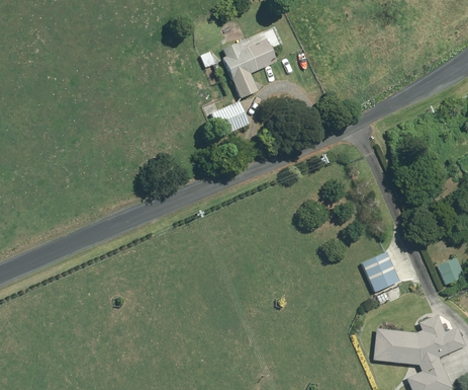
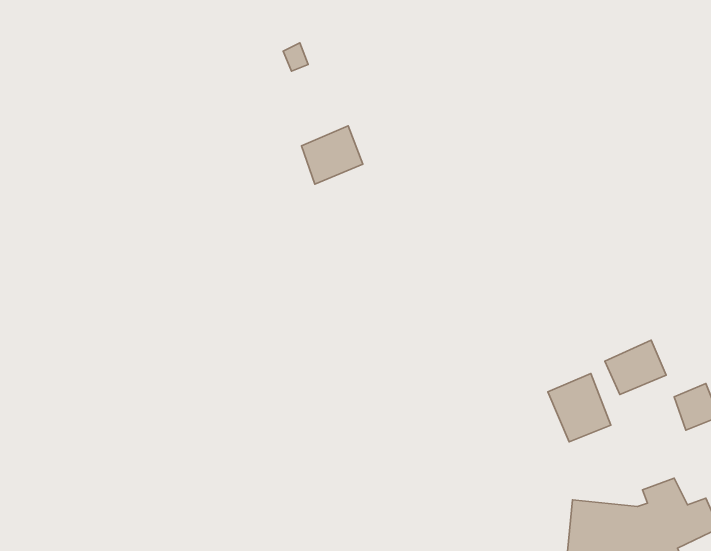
building: [222,37,276,97] -> none
building: none -> [605,340,666,394]

